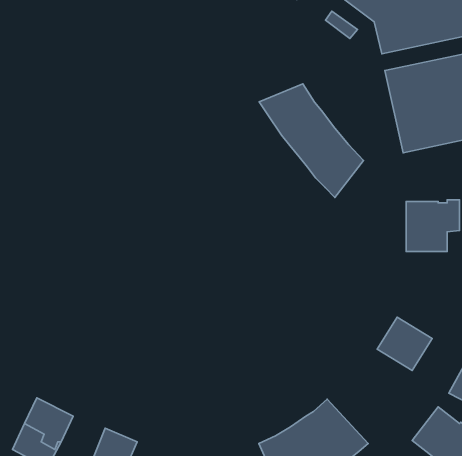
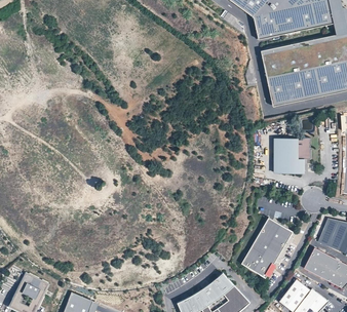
building: [259,84,364,197] -> none
building: none -> [241,238,279,277]

